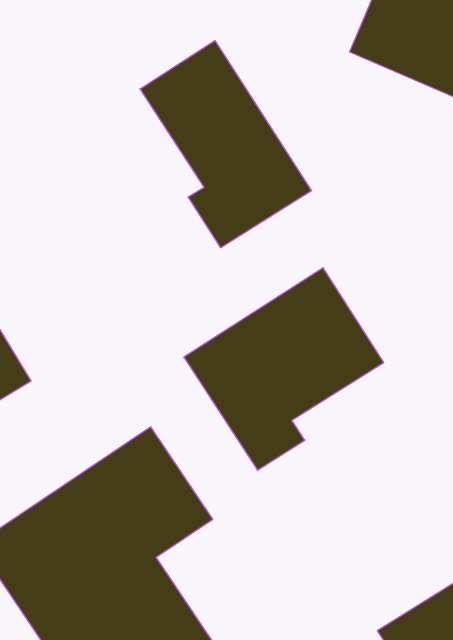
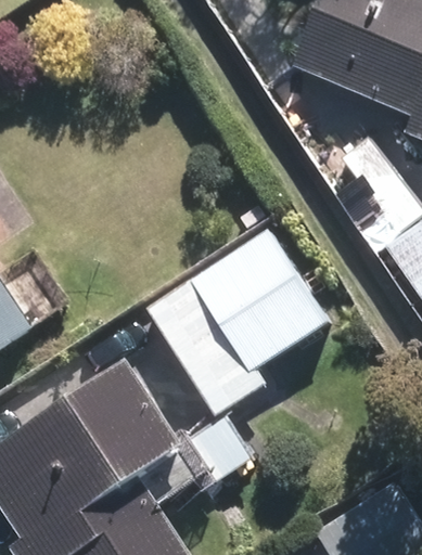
building: [140,41,311,248] -> none

